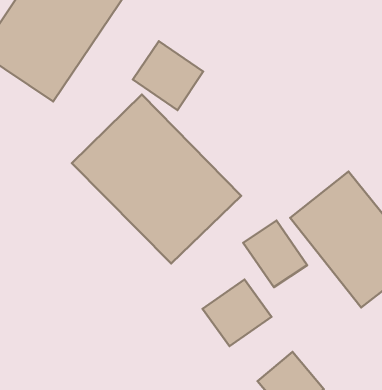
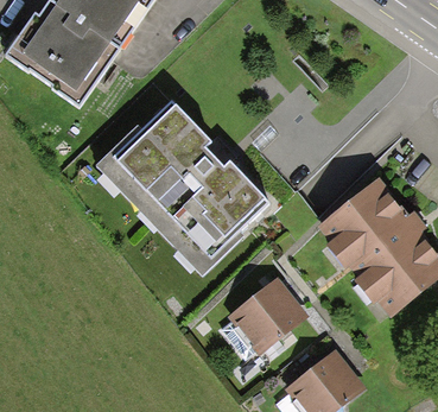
building: [133,41,203,110] -> none
building: [243,221,307,287] -> none

